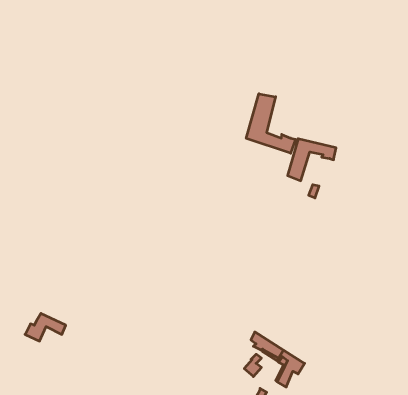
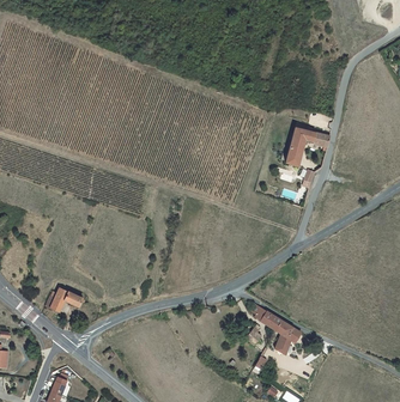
building: [246,94,295,153] -> none

